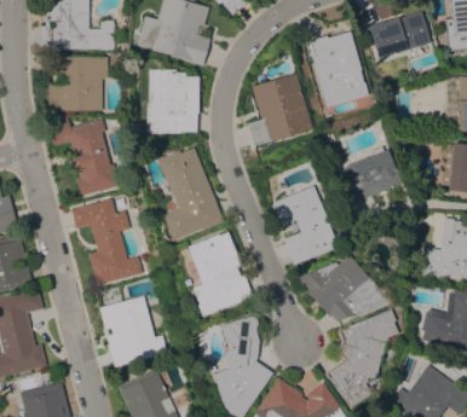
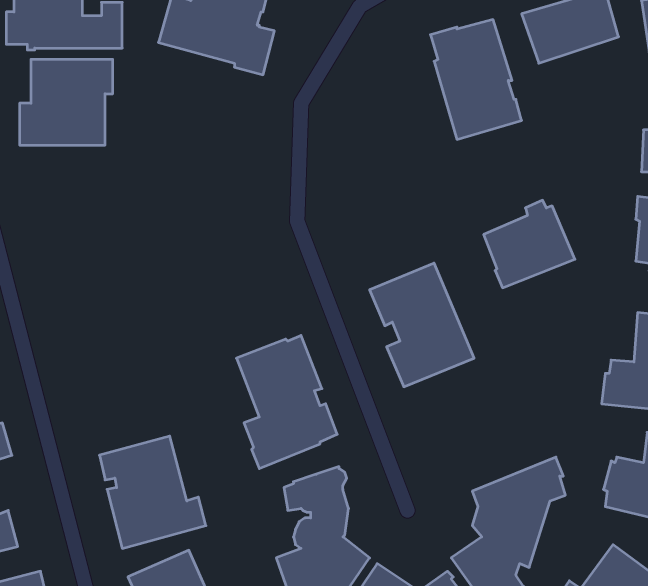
building: [146,68,198,133] -> none
building: [247,73,312,146] -> none
building: [47,114,120,195] -> none
building: [156,146,223,239] -> none
building: [70,198,143,285] -> none
building: [293,254,391,320] -> none

